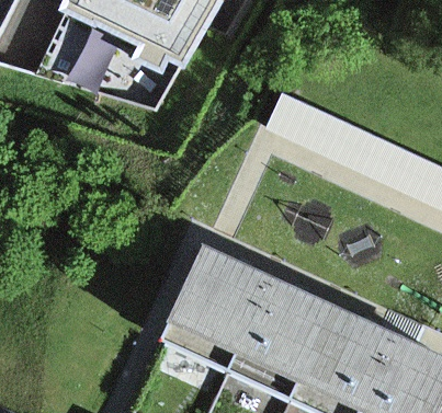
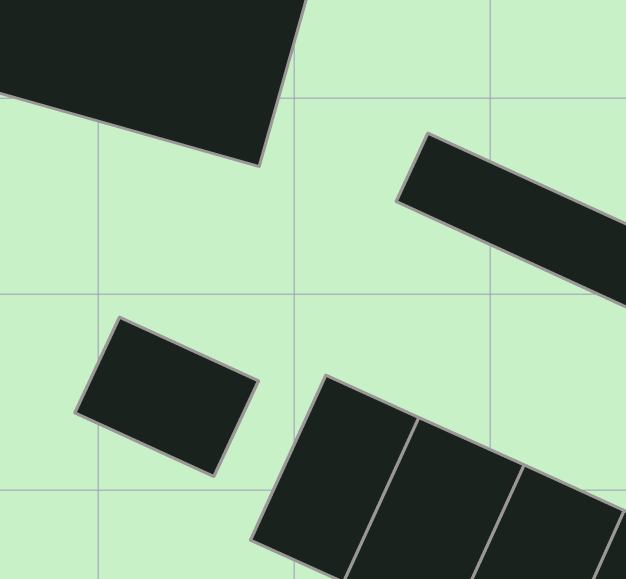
building: none -> [75,317,258,477]

